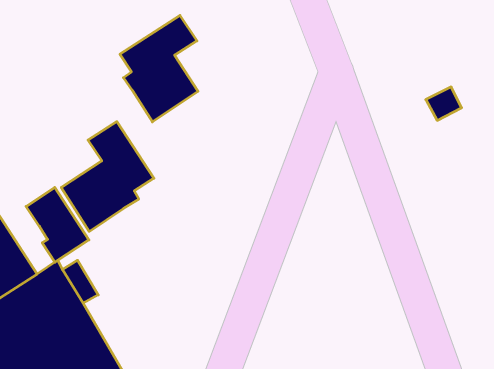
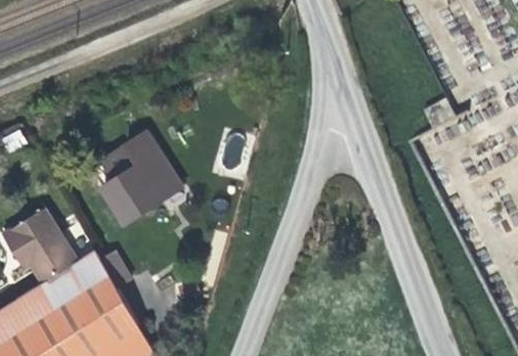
building: [120,15,198,122] -> none
building: [26,187,89,262] -> none

